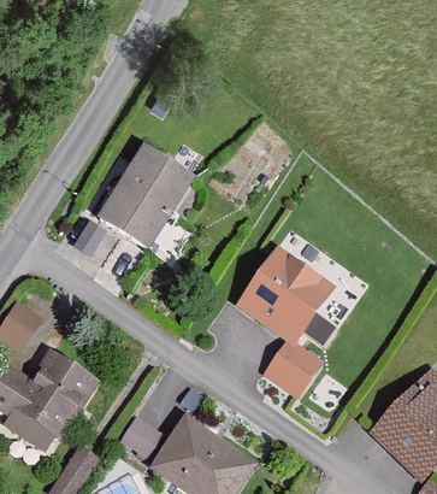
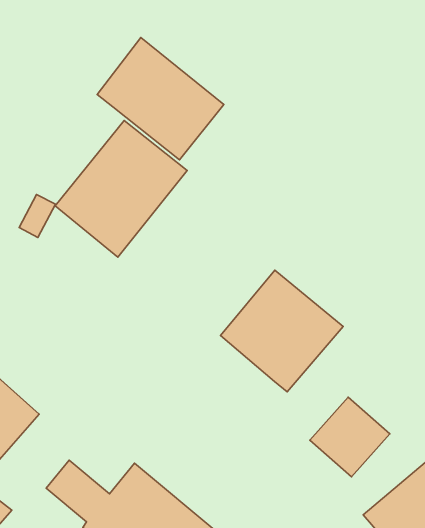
building: none -> [97,38,224,160]
building: [260,336,323,399] -> [310,397,390,477]

